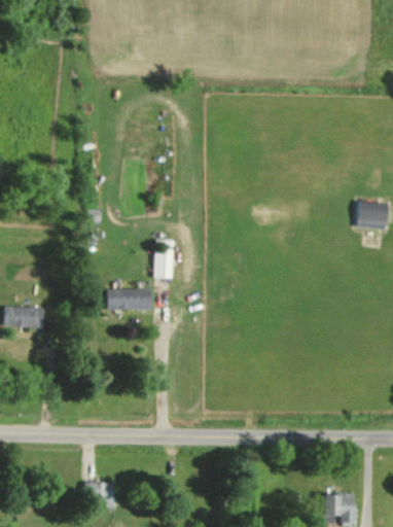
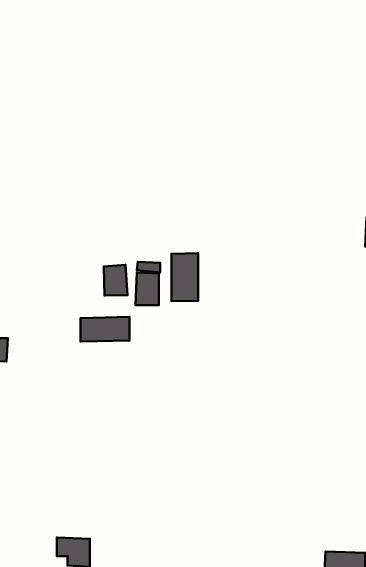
building: none -> [172,253,198,301]
building: none -> [104,265,128,296]

